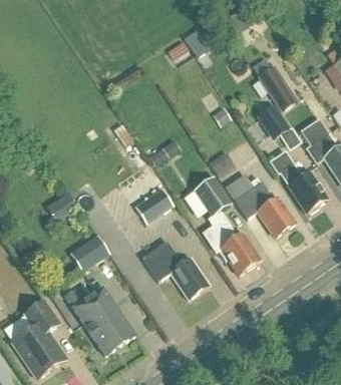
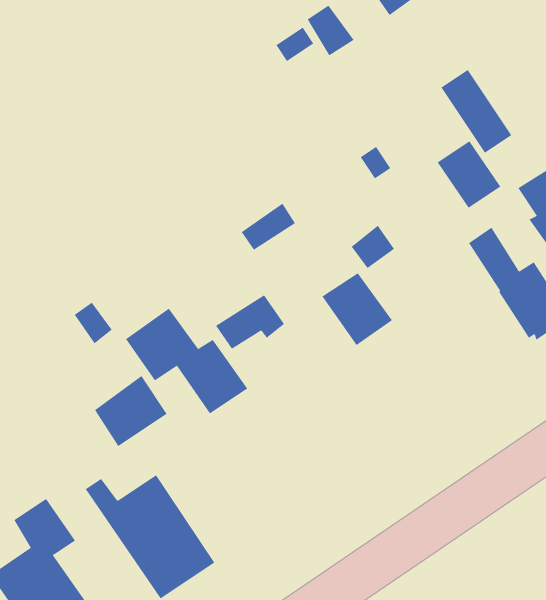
building: [225,174,294,237] -> none
building: [203,218,260,276] -> none
building: [141,241,209,299] -> [125,308,248,414]

